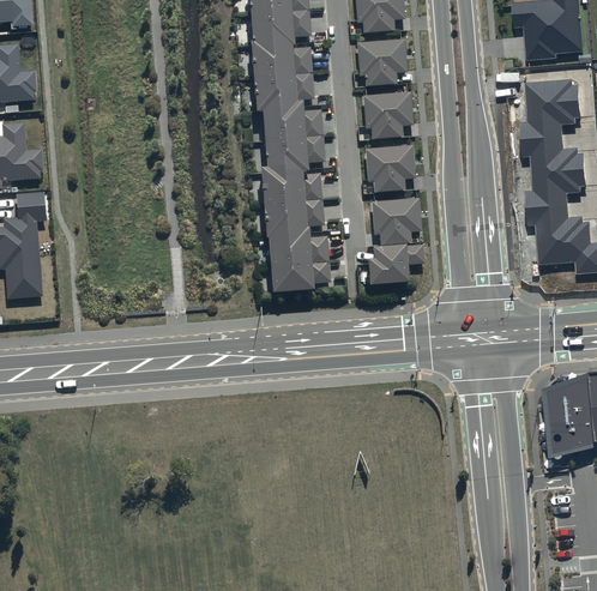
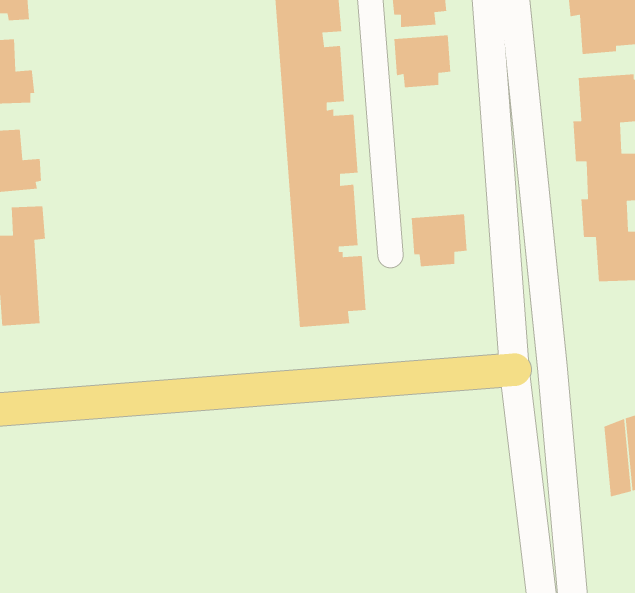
building: [363,90,414,138] -> none
building: [364,145,416,192] -> none
building: [369,245,426,290] -> none

